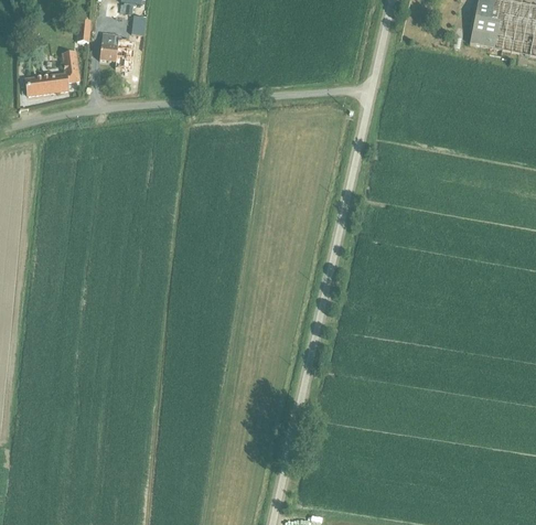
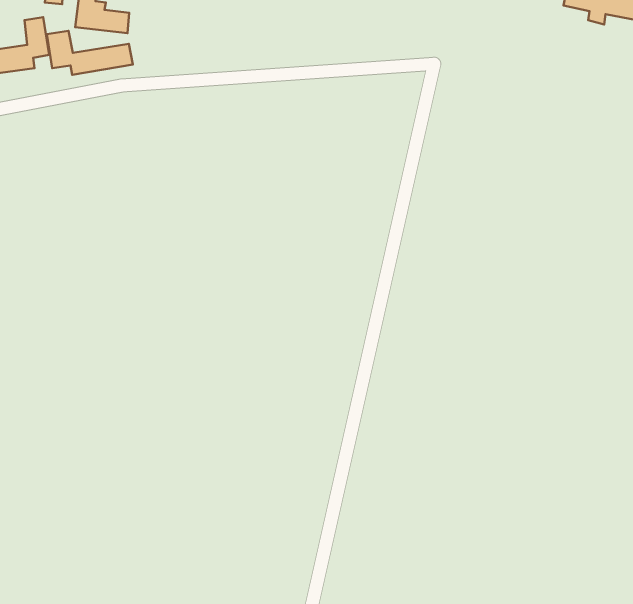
building: none -> [47,31,133,75]

